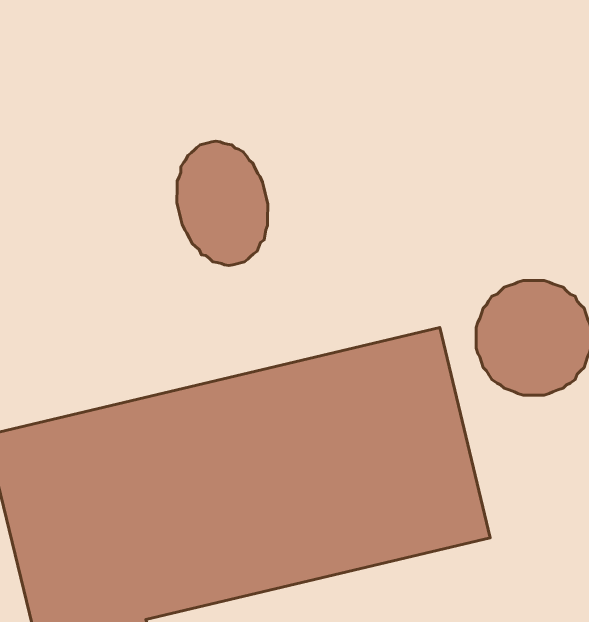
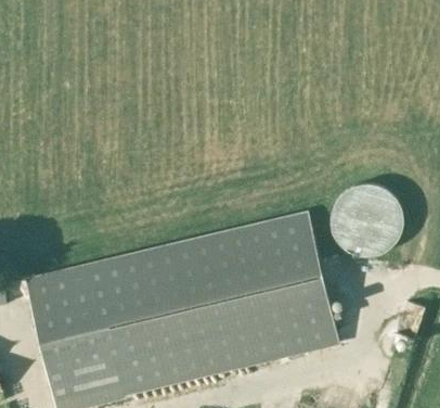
building: [177,141,268,266] -> none

